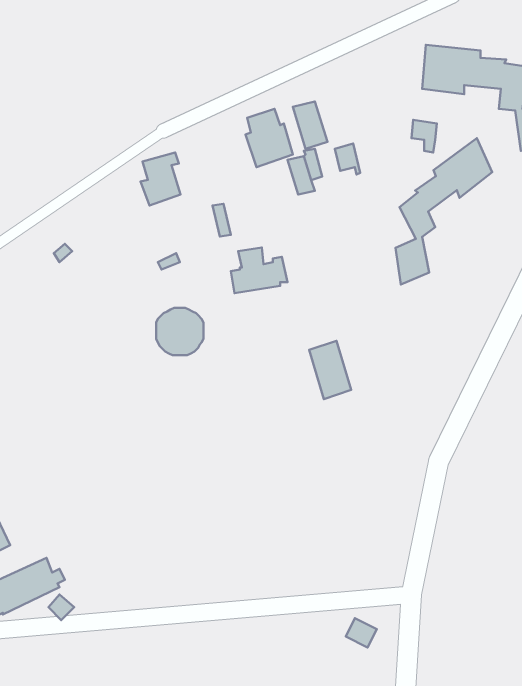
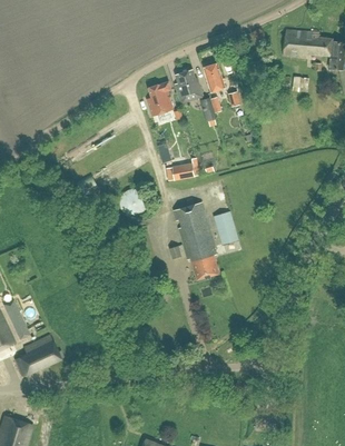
building: [395,138,492,284] -> none
building: [141,152,181,205] -> [148,82,172,115]
building: none -> [174,201,220,280]

